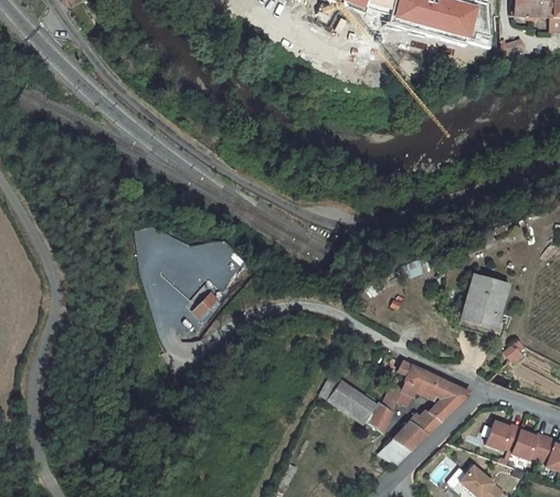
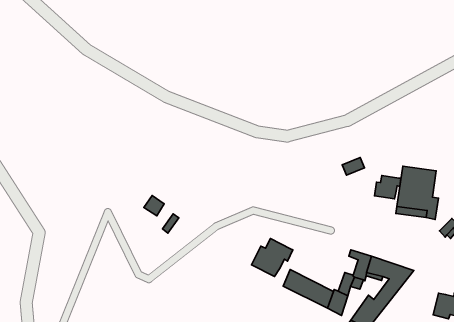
building: none -> [375,175,401,199]
building: none -> [252,239,293,277]

